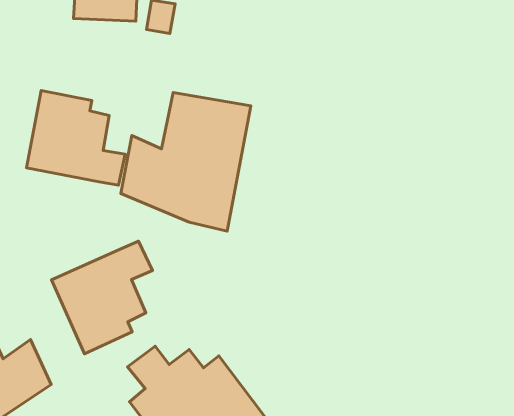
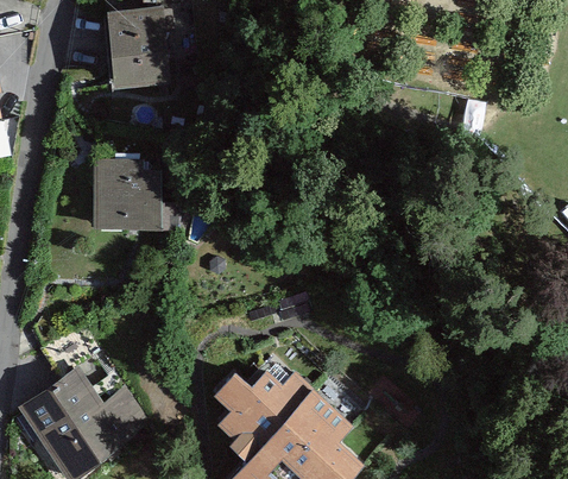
building: [121,92,251,231] -> none
building: [52,241,153,354] -> none

